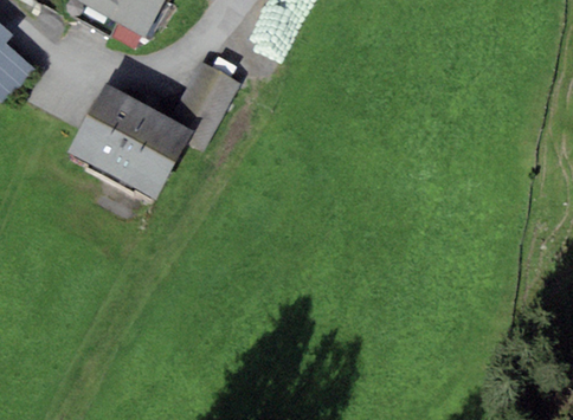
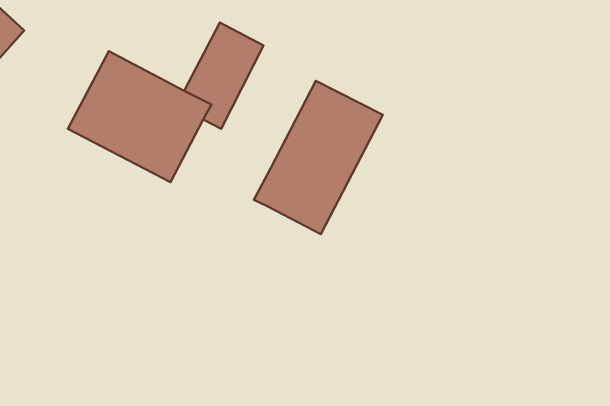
building: none -> [254,81,383,234]

